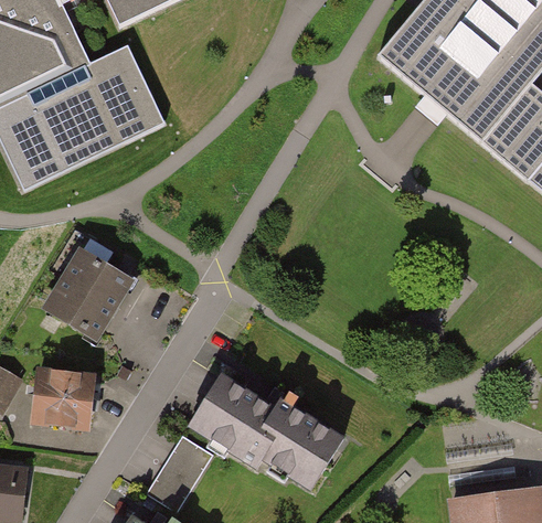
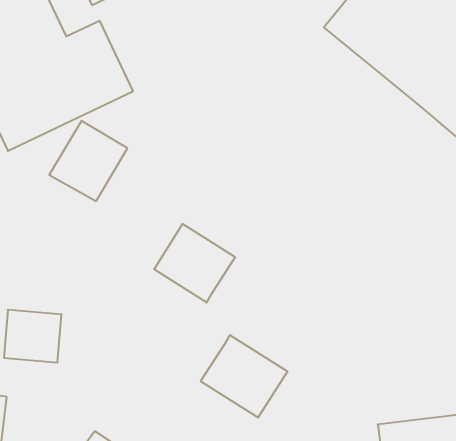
building: [34,248,123,339] -> [49,121,127,201]
building: [178,371,269,459] -> [154,224,235,302]
building: [144,433,214,512] -> none

